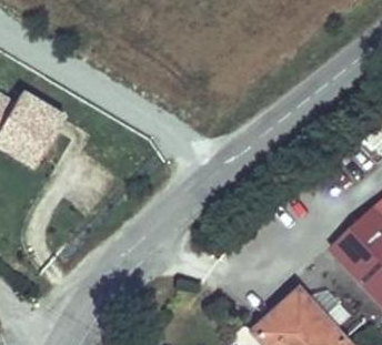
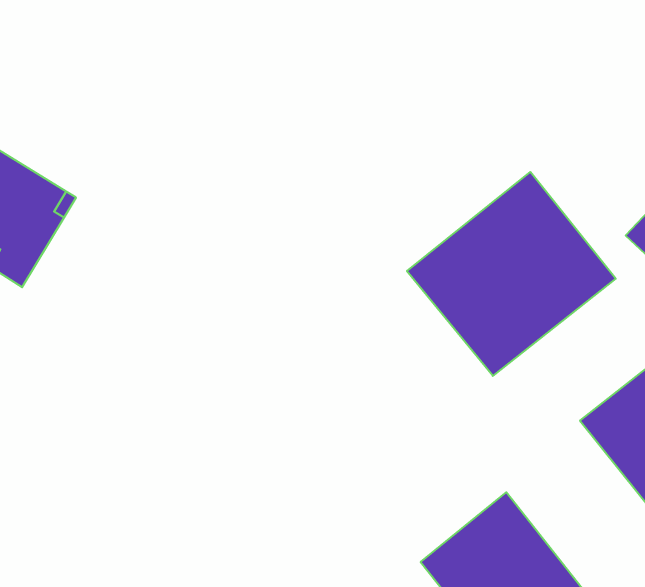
building: none -> [407,172,616,376]

